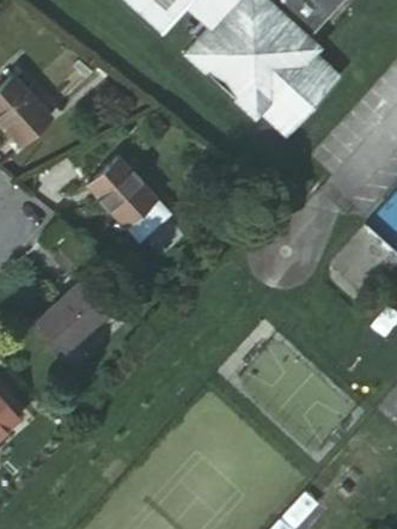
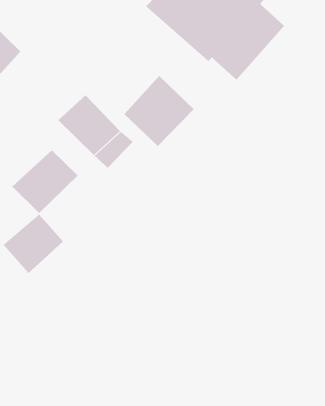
building: none -> [124,75,195,147]
building: none -> [12,150,78,214]

